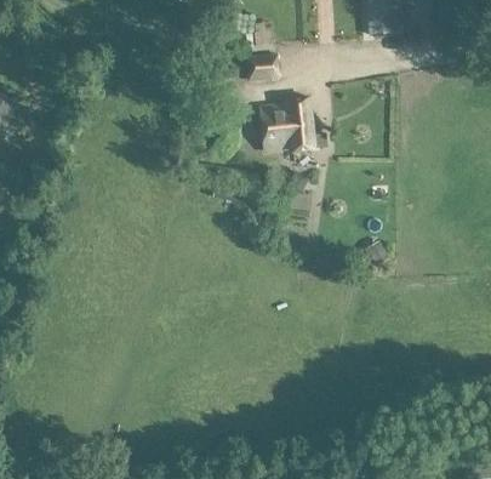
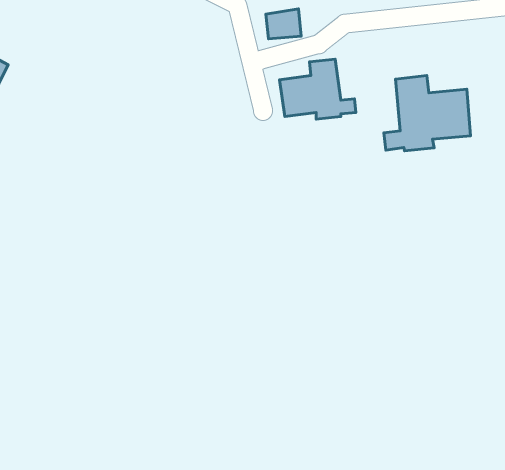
building: none -> [384,76,470,151]

